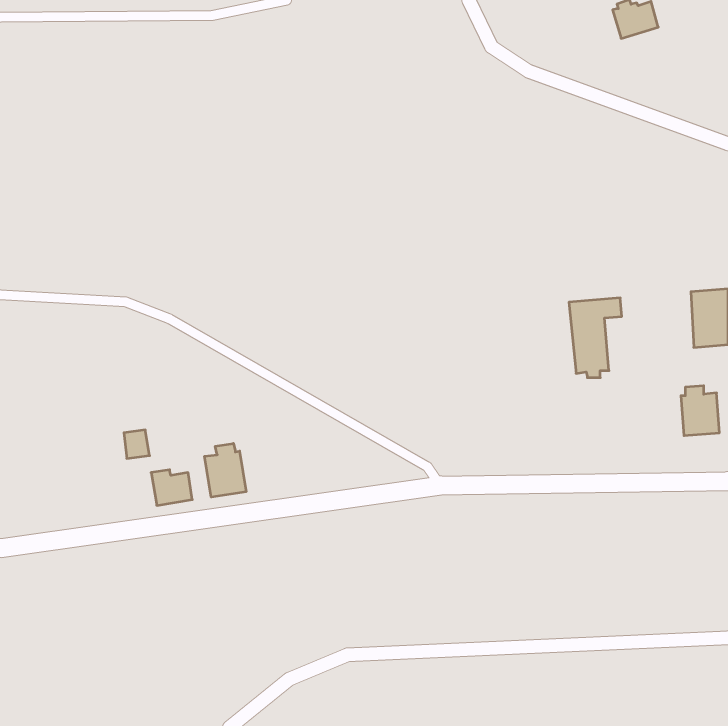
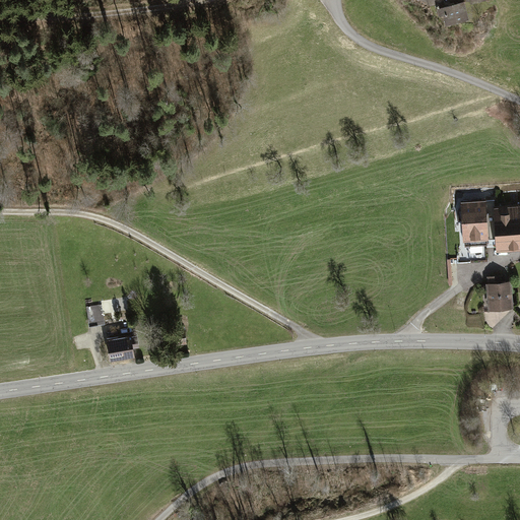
building: [569,298,622,378] -> [459,190,497,247]
building: [205,443,246,497] -> none

